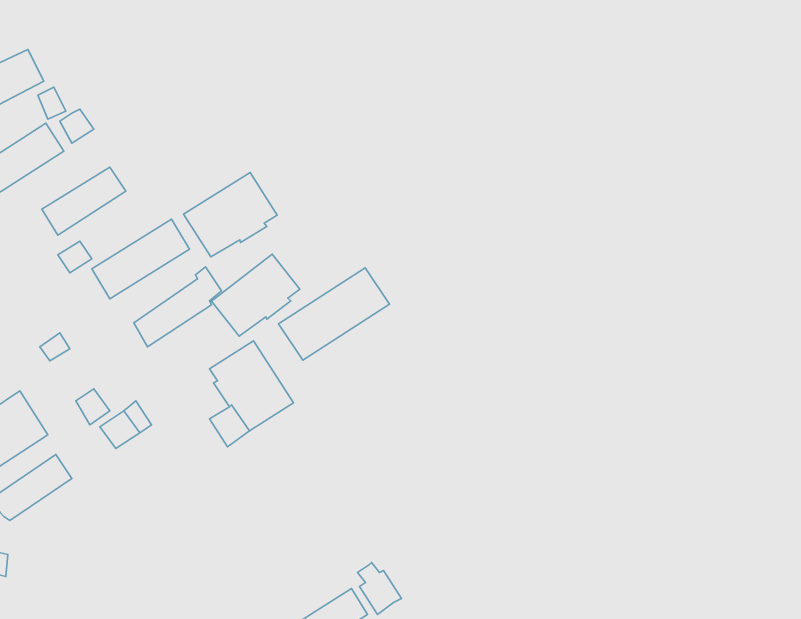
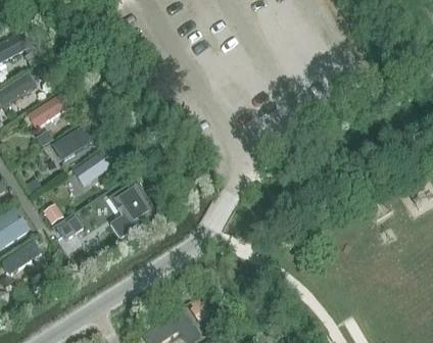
building: [184,173,277,257] -> none
building: [212,254,300,336] -> none
building: [279,268,389,360] -> none

